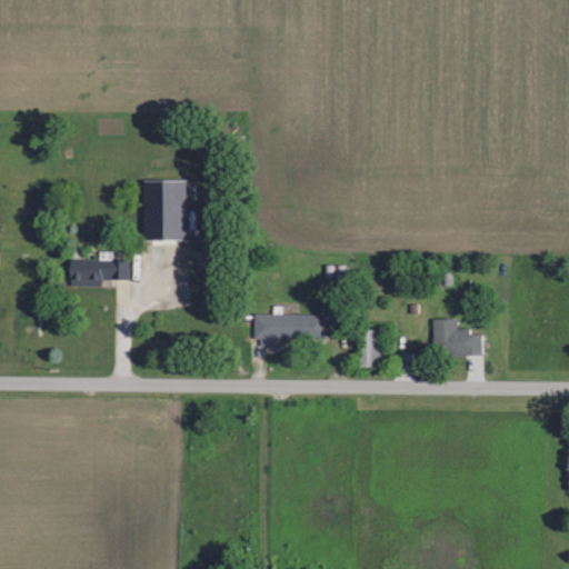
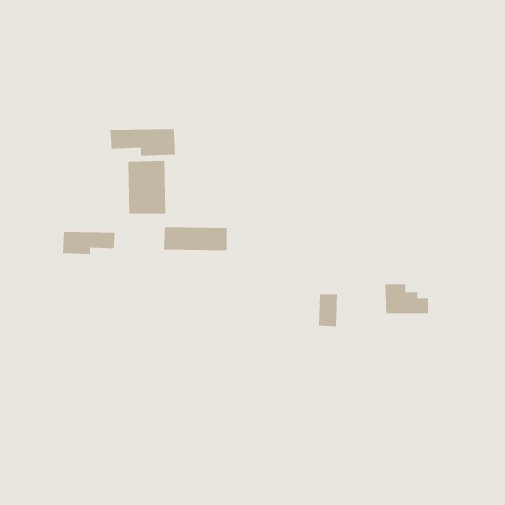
building: none -> [110,128,176,156]
building: [256,315,328,342] -> [163,226,227,251]

